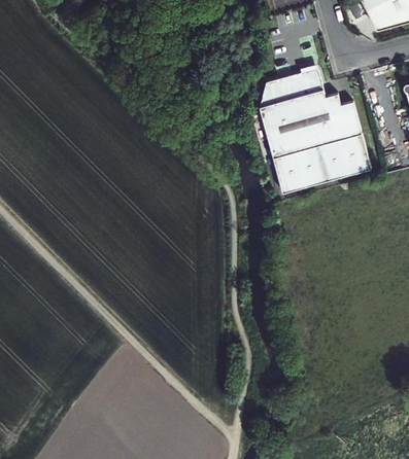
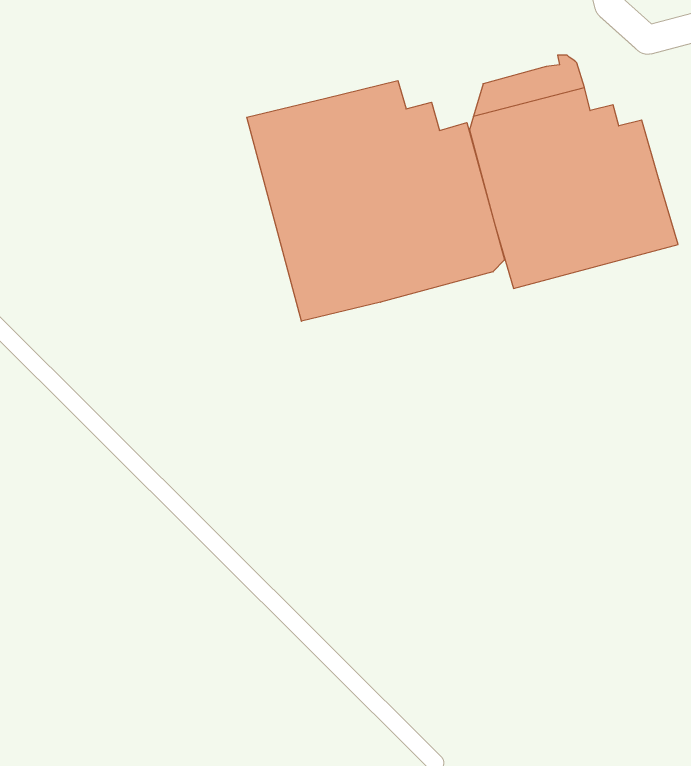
building: none -> [247,81,505,321]

